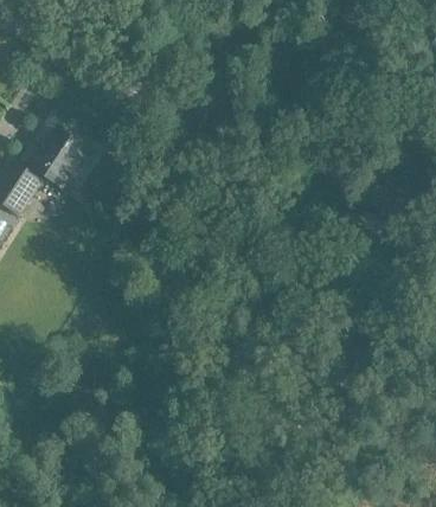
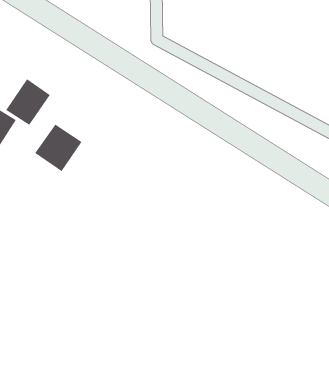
building: none -> [34,124,83,172]

